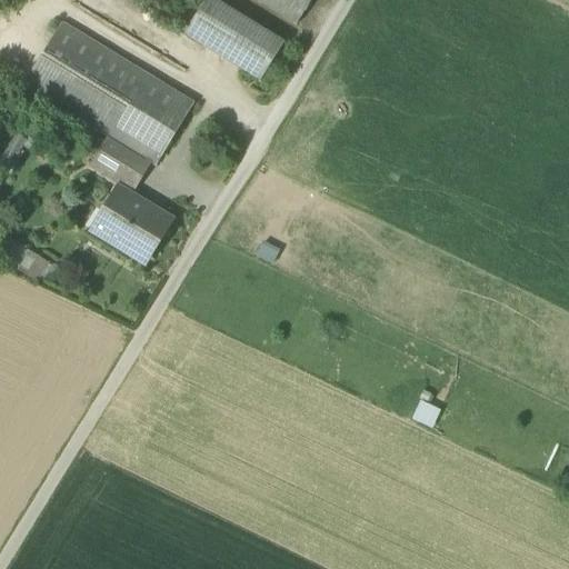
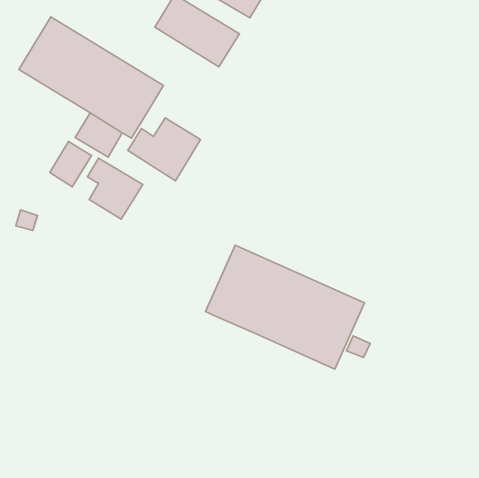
building: none -> [128,118,200,181]
building: none -> [50,142,92,187]
building: none -> [206,245,364,369]

